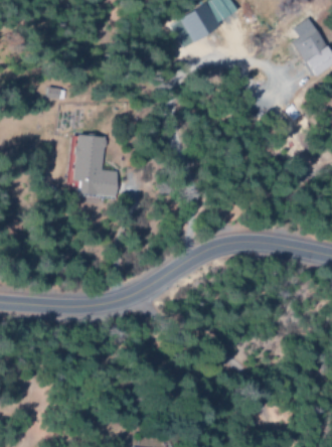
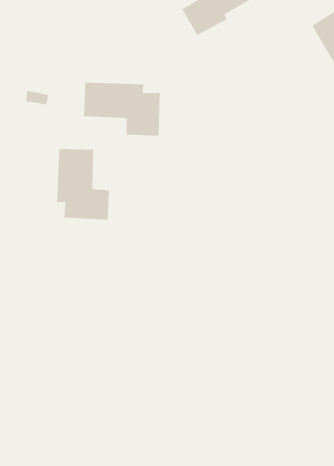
building: none -> [83,82,160,136]

